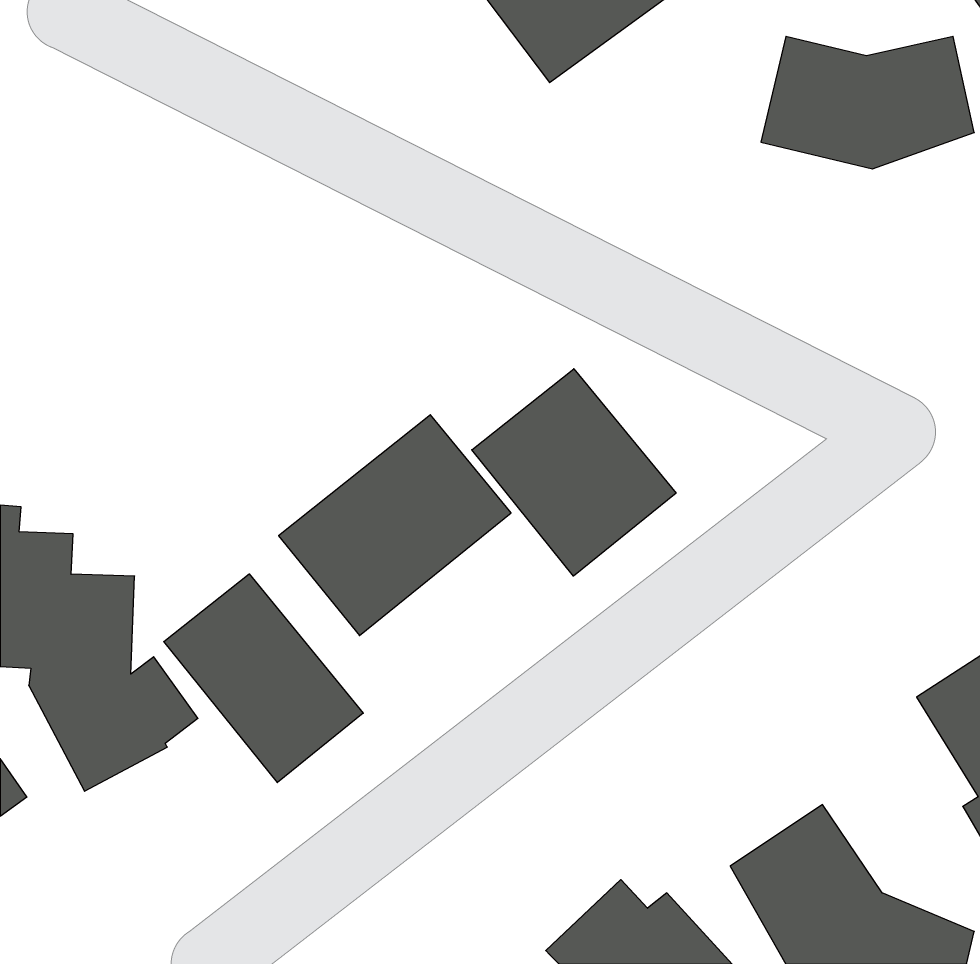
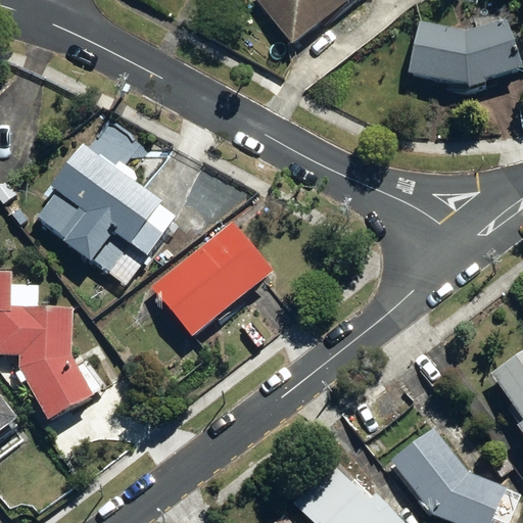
building: none -> [34,110,177,285]
building: [472,369,676,576] -> none
building: [164,574,363,783] -> none

